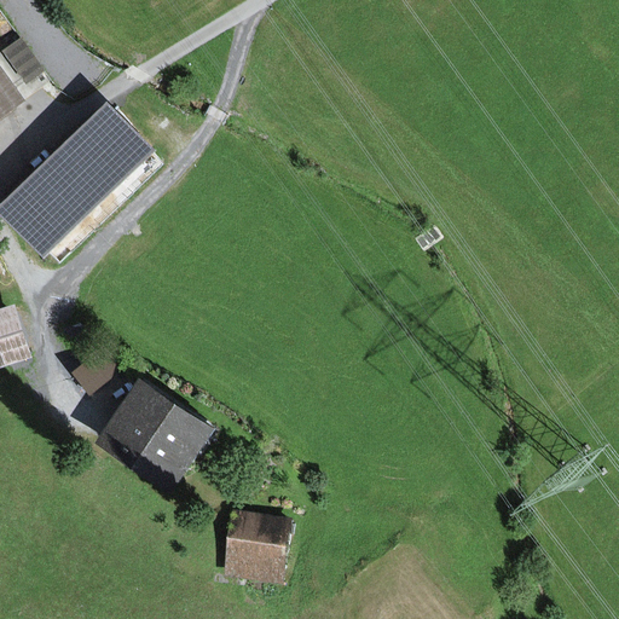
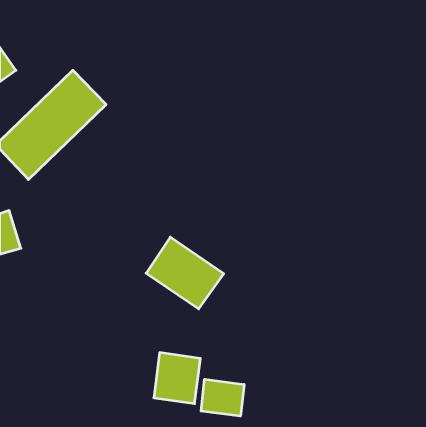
building: [103,378,215,482] -> [146,237,224,309]
building: none -> [201,379,244,416]

